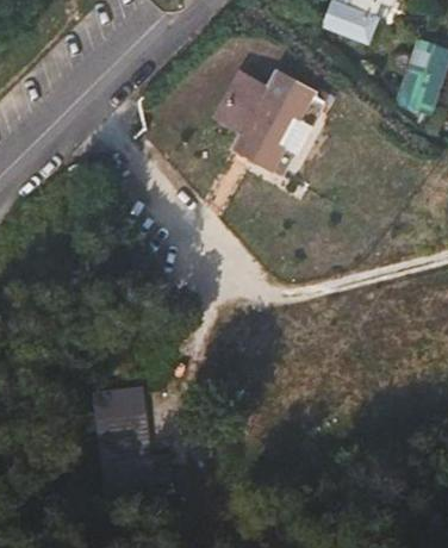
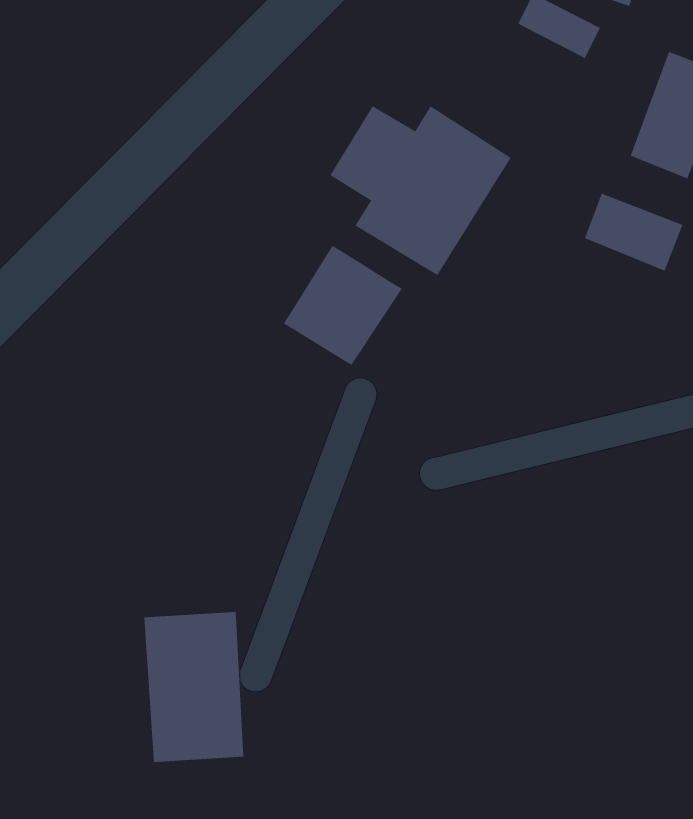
building: none -> [584,193,683,271]
building: none -> [283,245,402,366]

